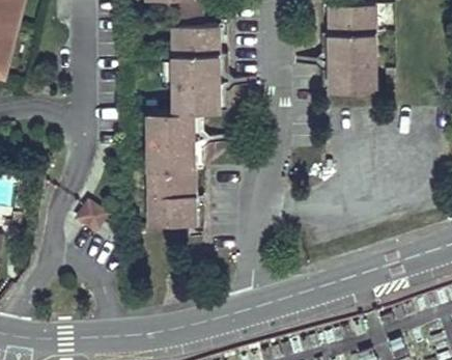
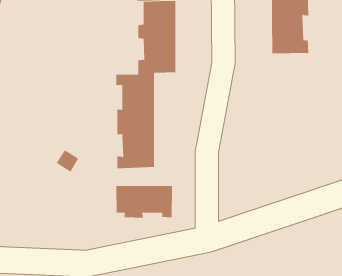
building: none -> [116,185,172,218]

